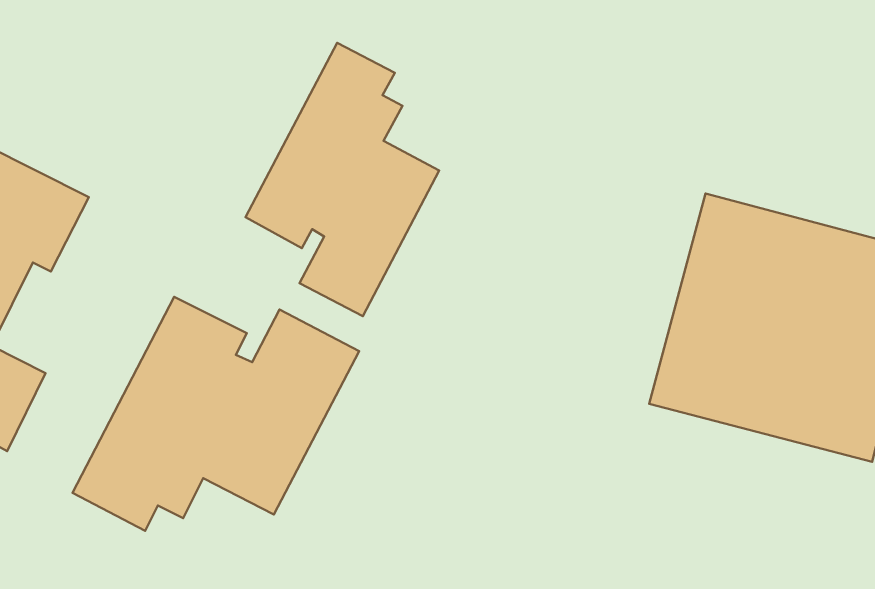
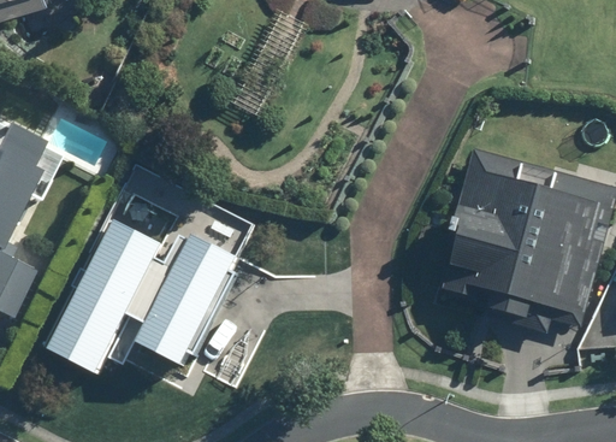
building: [245,43,439,316] -> none

